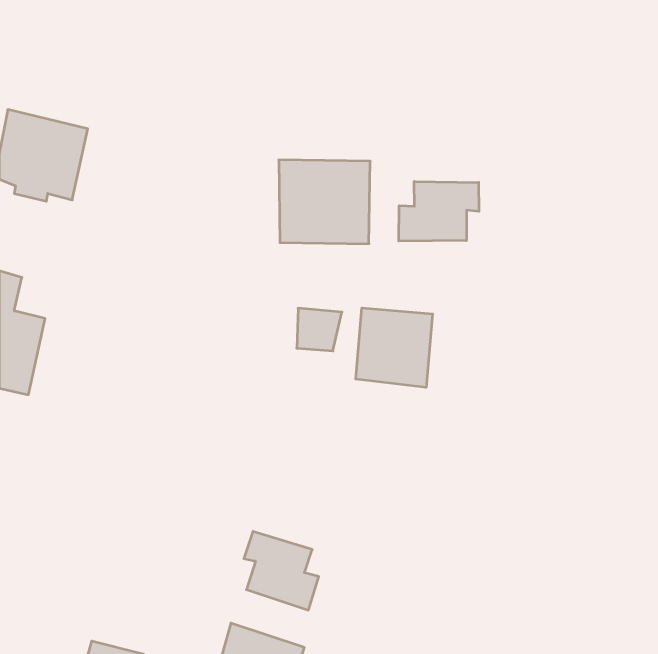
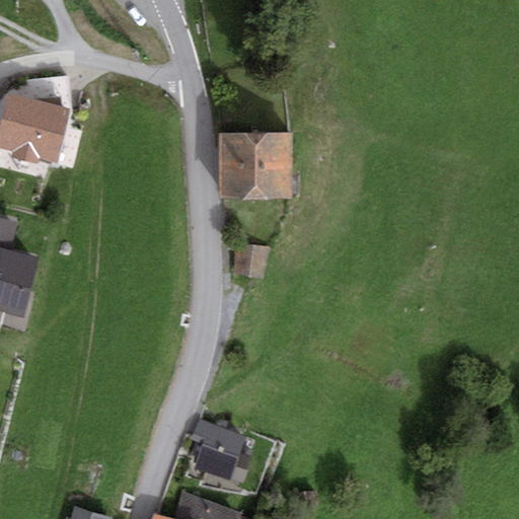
building: [399,181,479,241] -> none
building: [356,308,433,387] -> none

